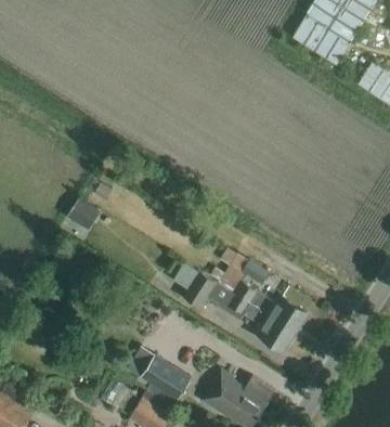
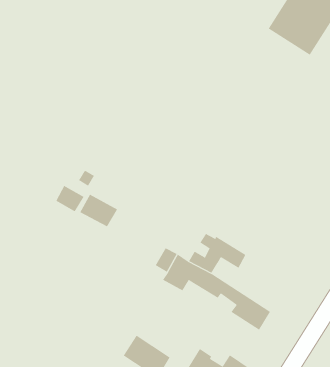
building: none -> [80,194,118,227]
building: [234,281,308,332] -> none

